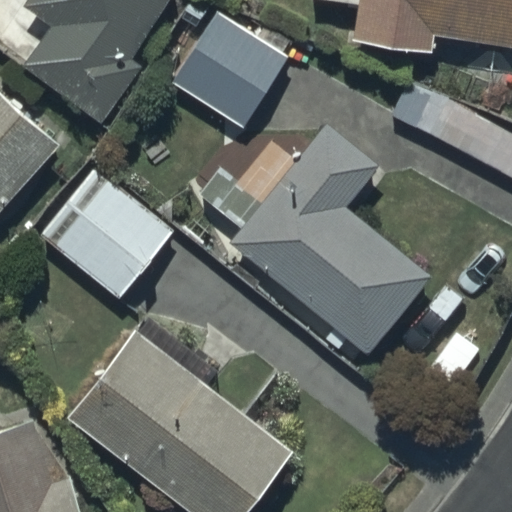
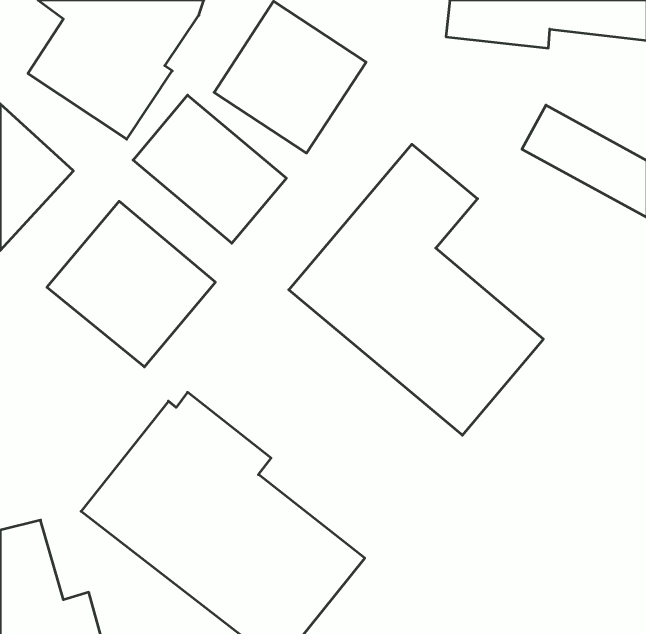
building: none -> [133,95,286,243]

